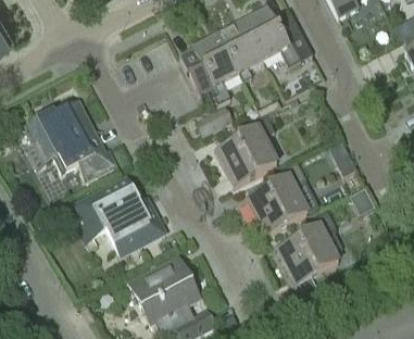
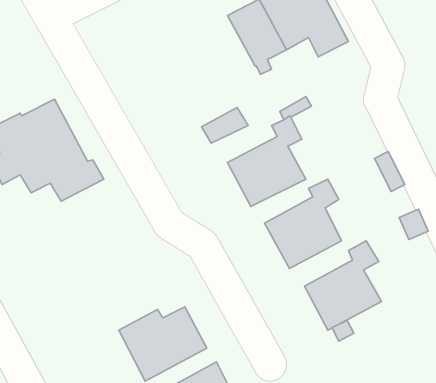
building: [177,35,236,105] -> none
building: [74,181,153,252] -> none

